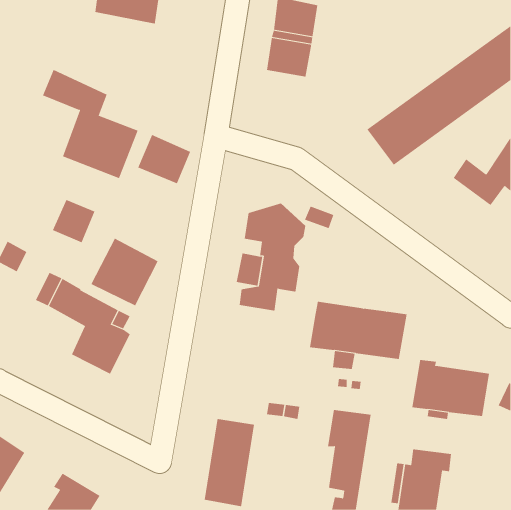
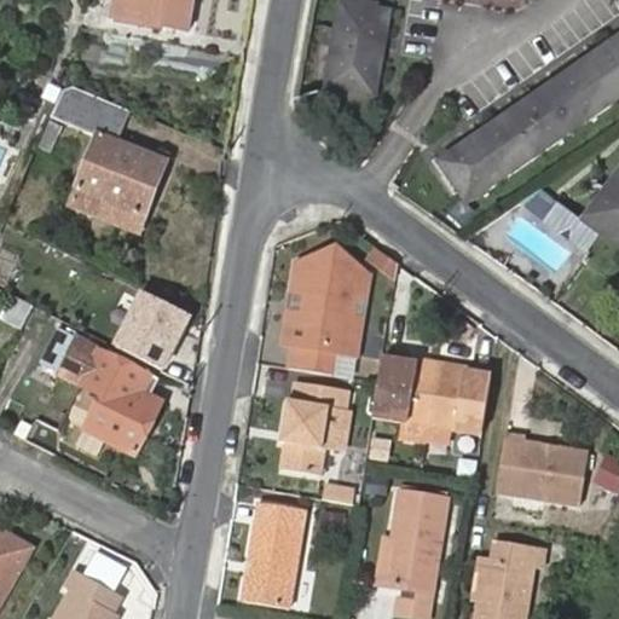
building: [138,134,191,184] -> none
building: [52,199,95,243] -> none
building: none -> [280,380,352,475]

